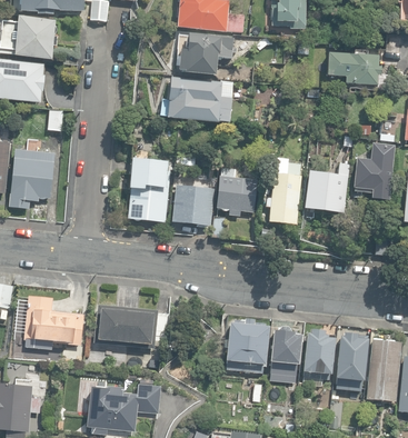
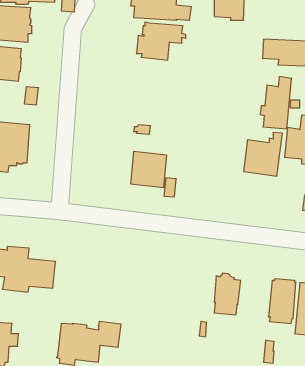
building: [168,77,233,122] -> none
building: [127,158,171,222] -> none
building: [266,162,302,223] -> [260,77,292,129]
building: [216,168,257,217] -> none
building: [94,305,169,348] -> none
building: [223,317,269,370] -> none
building: [301,328,334,385] -> none

